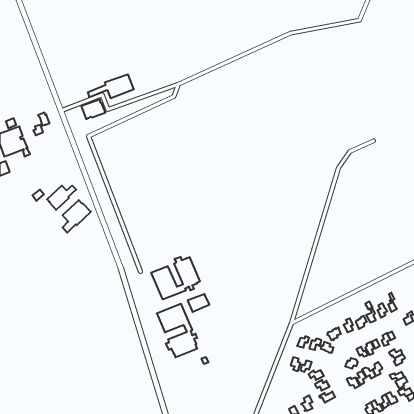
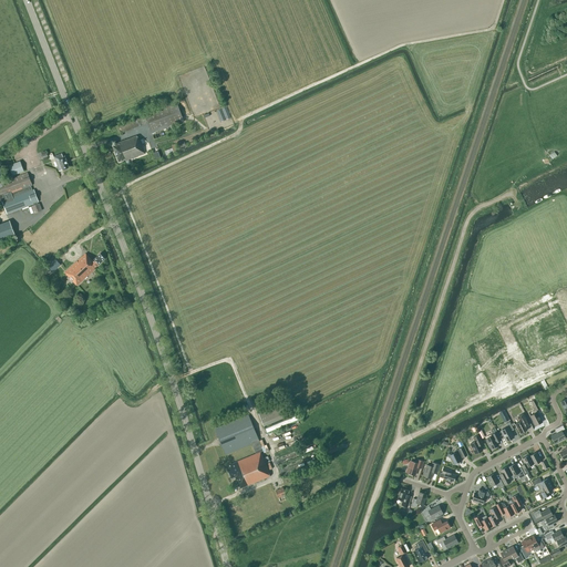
building: [63,200,91,233] -> none
building: [151,257,200,299] -> none

